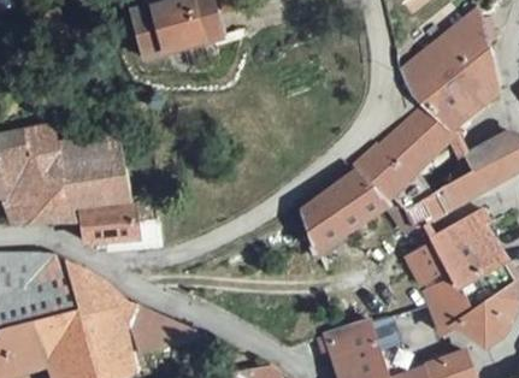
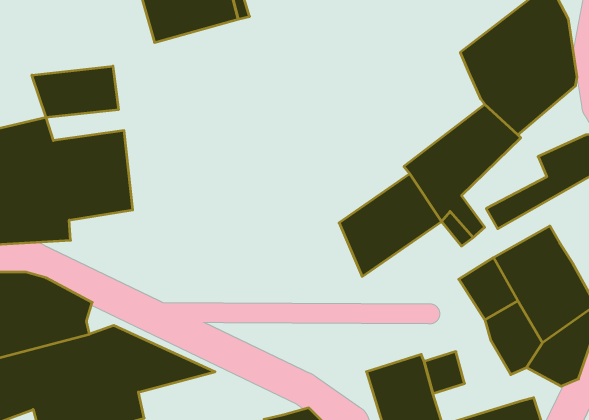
building: none -> [32,66,118,118]
building: [81,202,135,246] -> none

